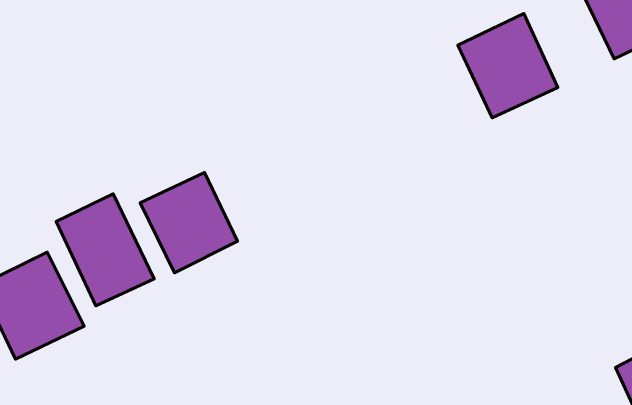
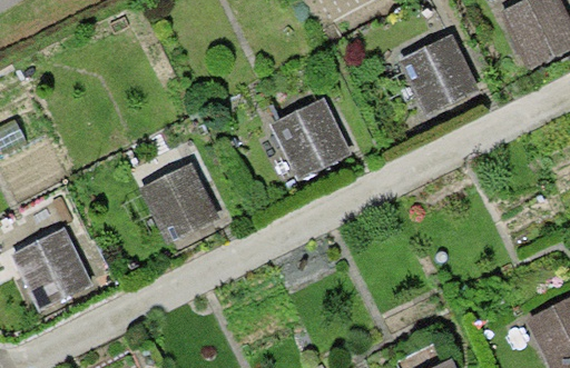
building: none -> [271,97,352,179]
building: [56,194,154,306] -> none

